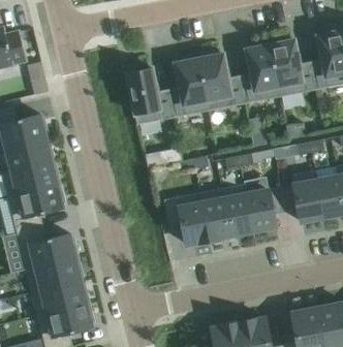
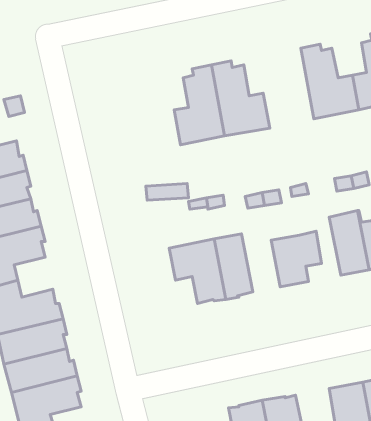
building: [239,39,279,103] -> none
building: [125,64,173,124] -> none
building: [221,184,252,234] -> none

